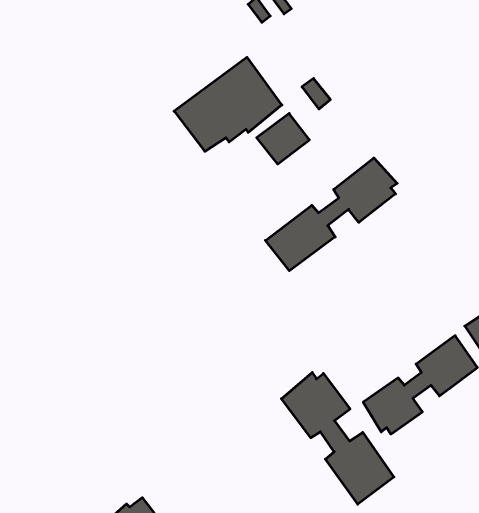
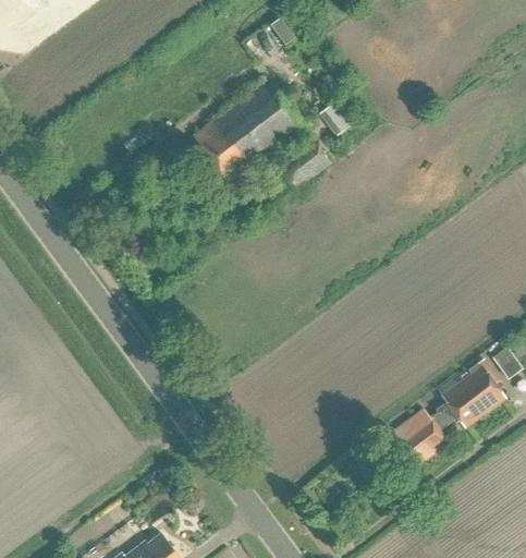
building: [265,158,397,271] -> none
building: [281,372,394,504] -> none

